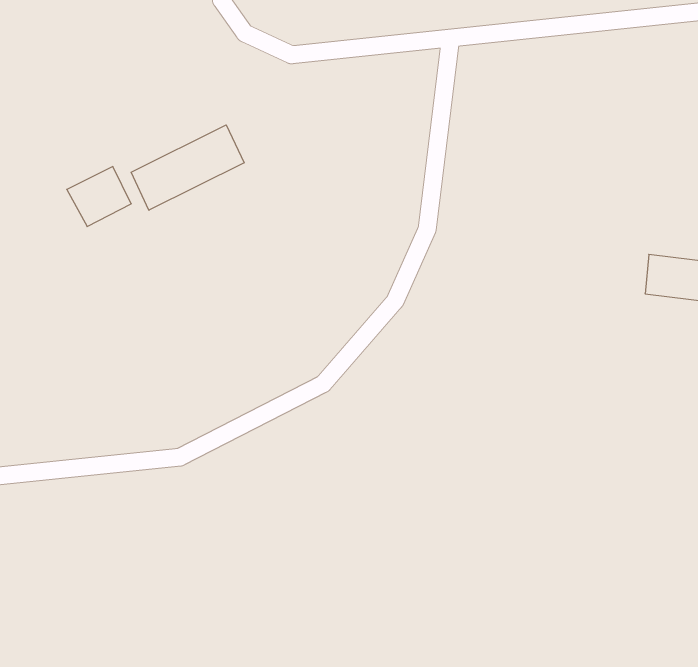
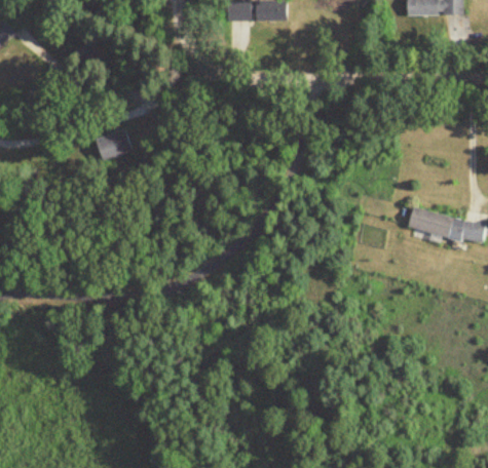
building: [131,125,244,210] -> none

